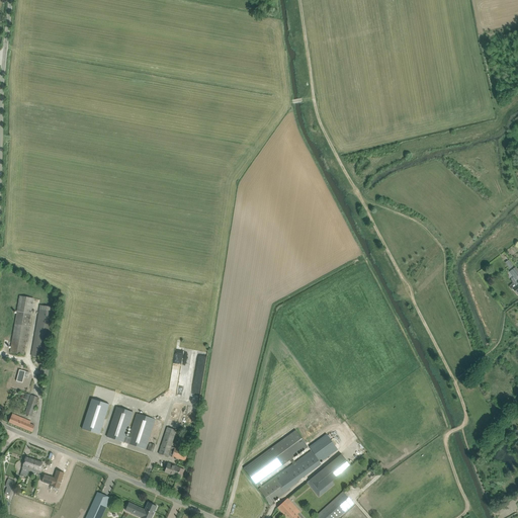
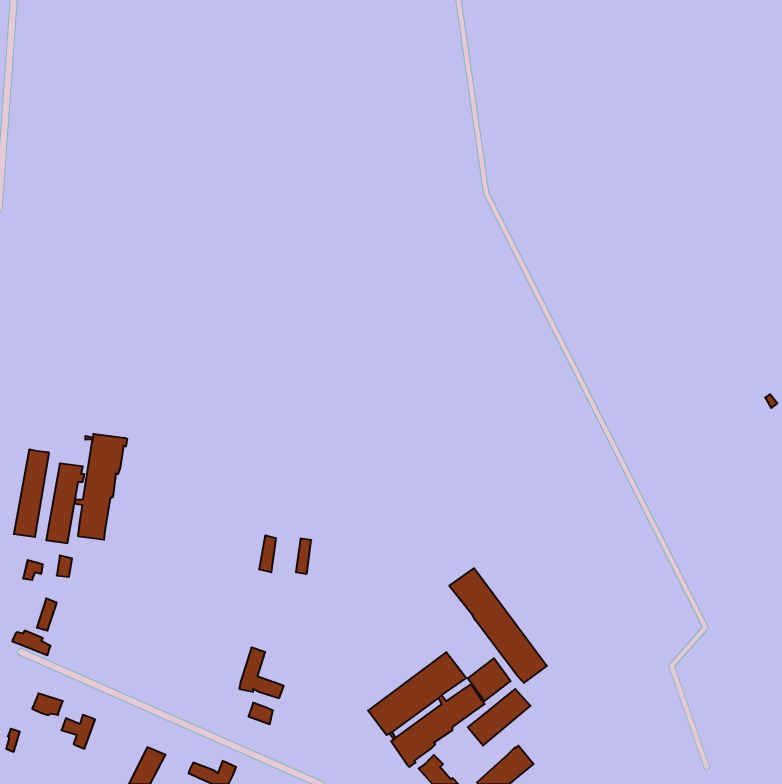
building: none -> [74,434,127,540]
building: none -> [449,568,547,683]
building: [81,399,108,434] -> none
building: [106,407,154,449] -> none

